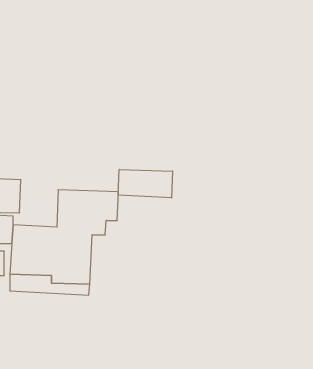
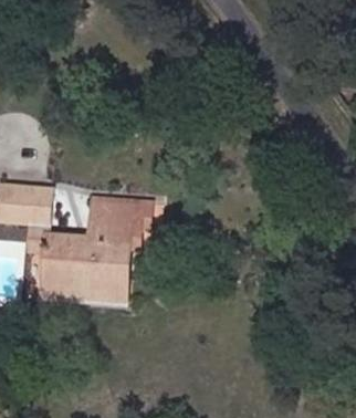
building: [118,169,173,198] -> none

